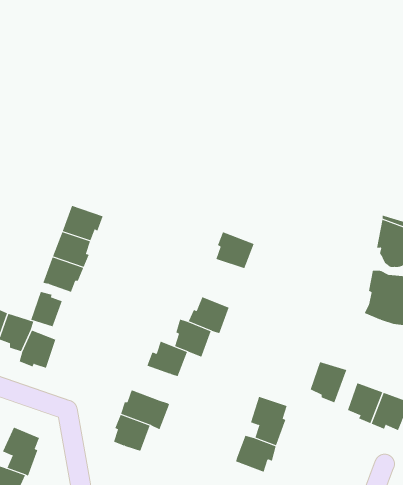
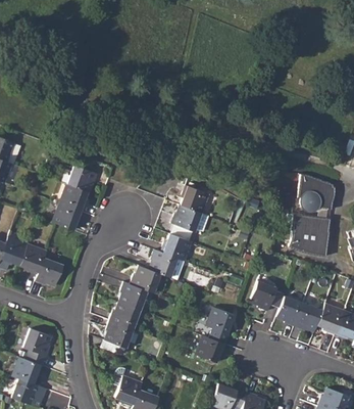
building: none -> [171,204,202,231]
building: [30,291,62,327] -> none
building: none -> [118,281,147,309]

